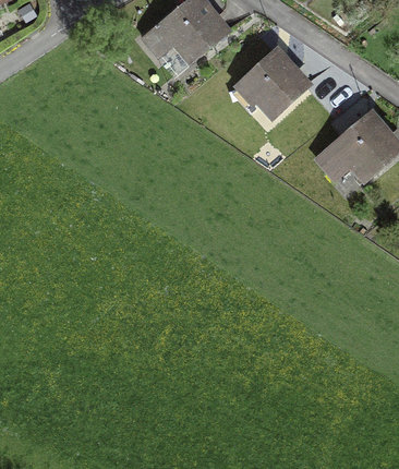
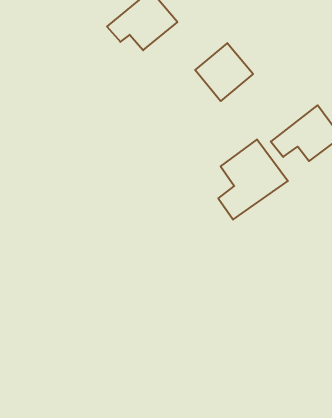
building: none -> [218,139,288,220]

